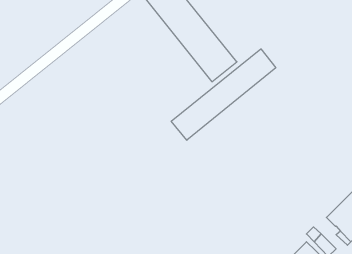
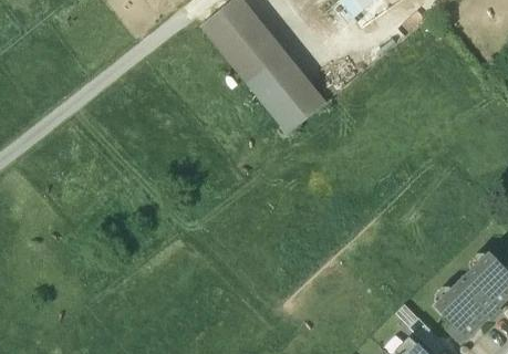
building: [171,49,276,140] -> none

